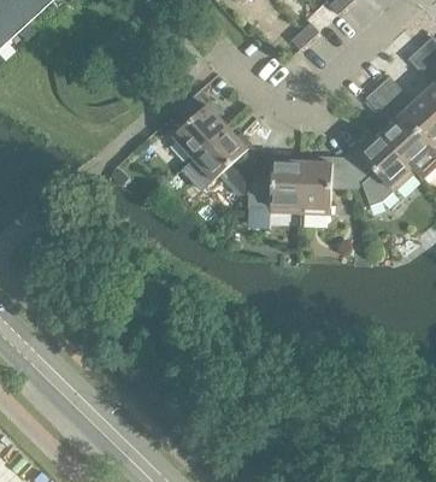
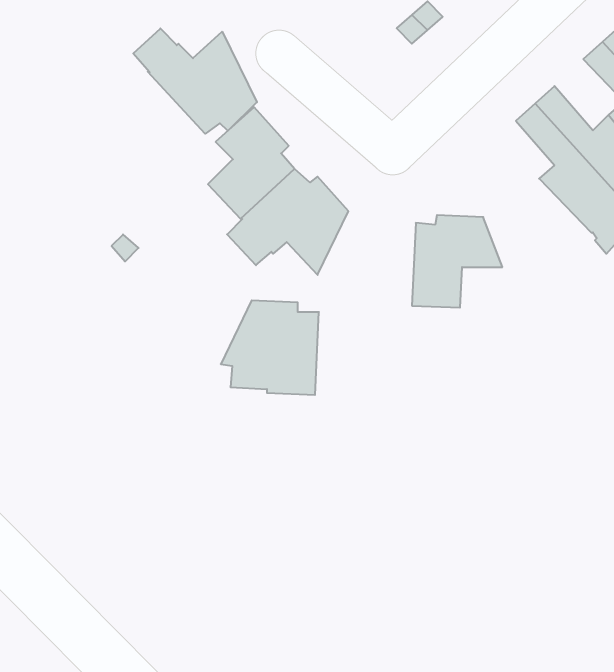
building: none -> [133,28,257,134]
building: [346,134,417,206] -> none
building: [242,154,304,213] -> [221,300,319,395]

